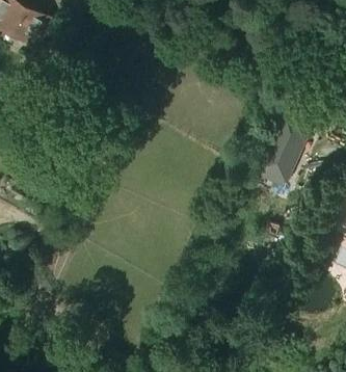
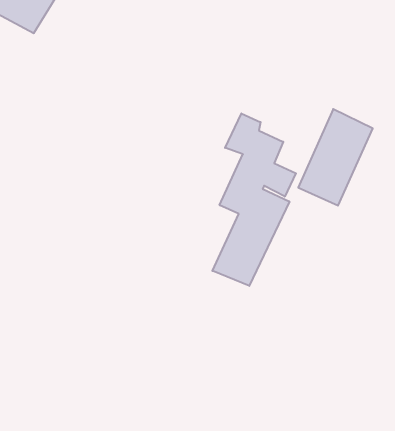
building: none -> [212,113,296,286]

